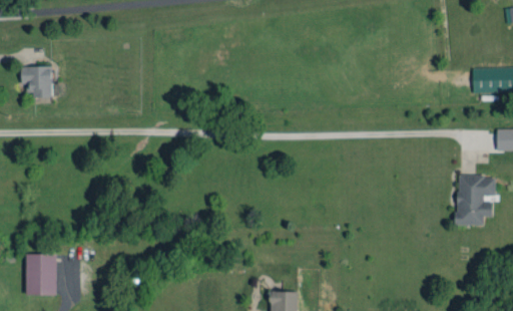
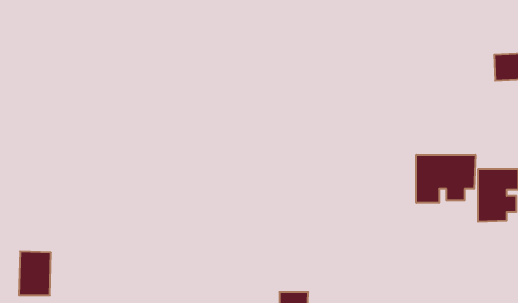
building: [23,66,53,97] -> none
building: none -> [416,155,475,203]

